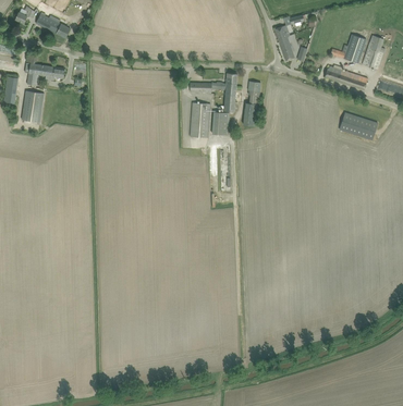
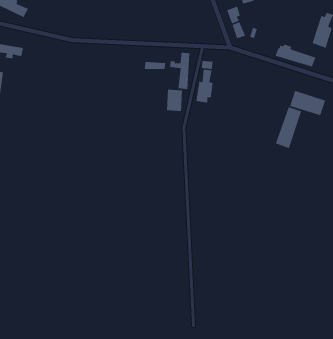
building: [330,35,365,63] -> none
building: [190,102,210,137] -> none
building: none -> [275,106,302,149]

